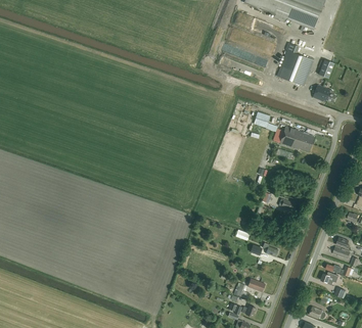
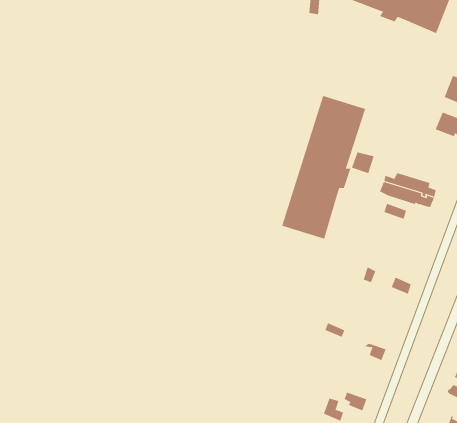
building: [279,42,314,86] -> none
building: none -> [282,95,366,240]

